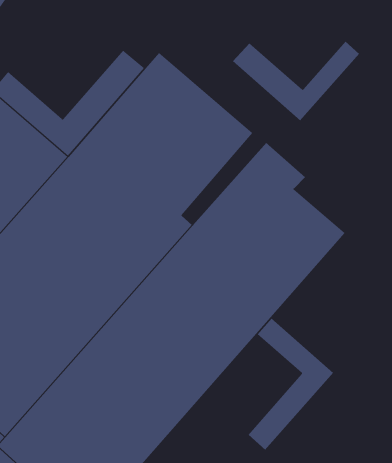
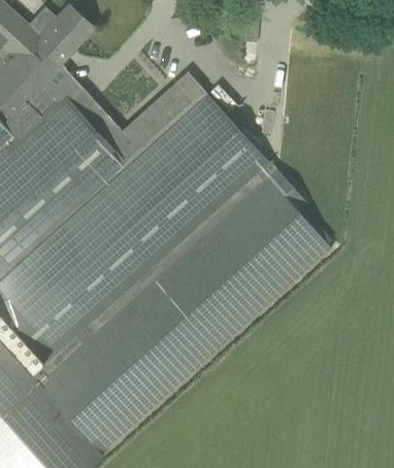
building: [232,41,360,121] -> none
building: [248,318,334,451] -> none

